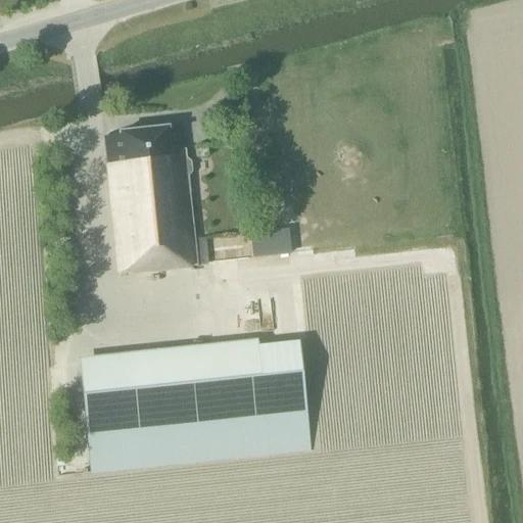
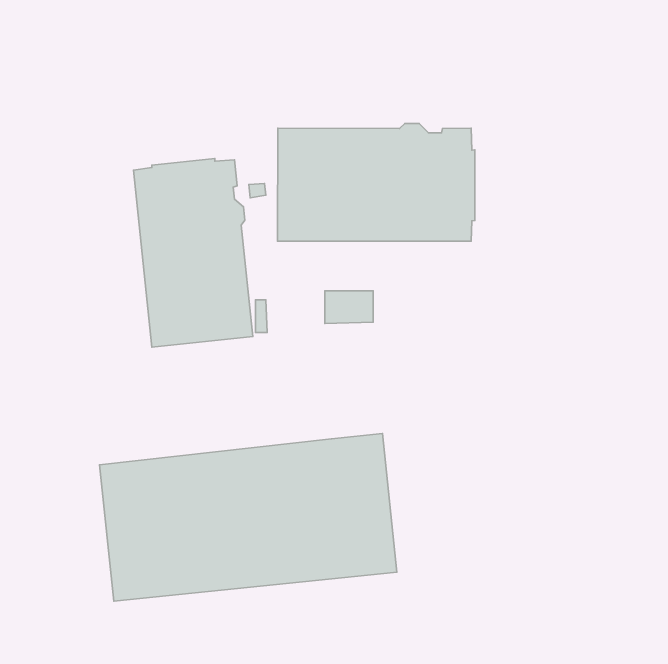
building: none -> [278,124,475,241]

